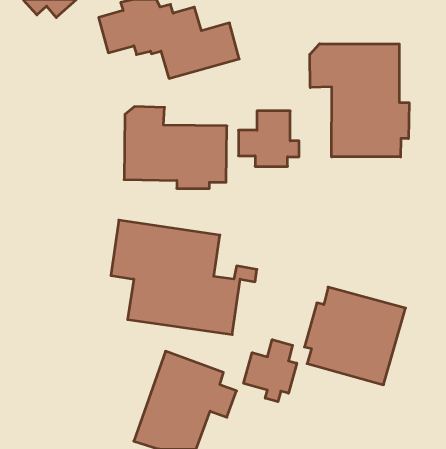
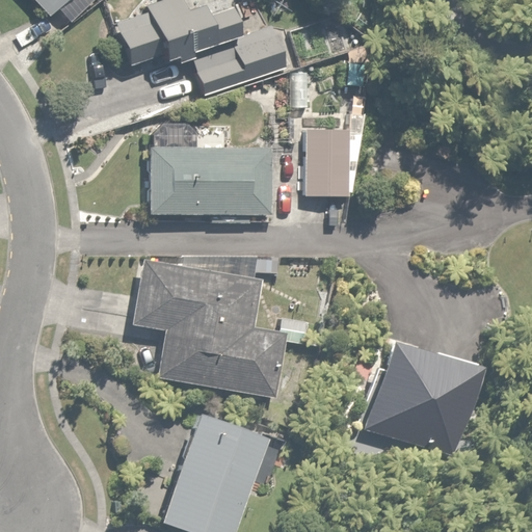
building: [310,44,409,157] -> none
building: [244,340,297,402] -> none

